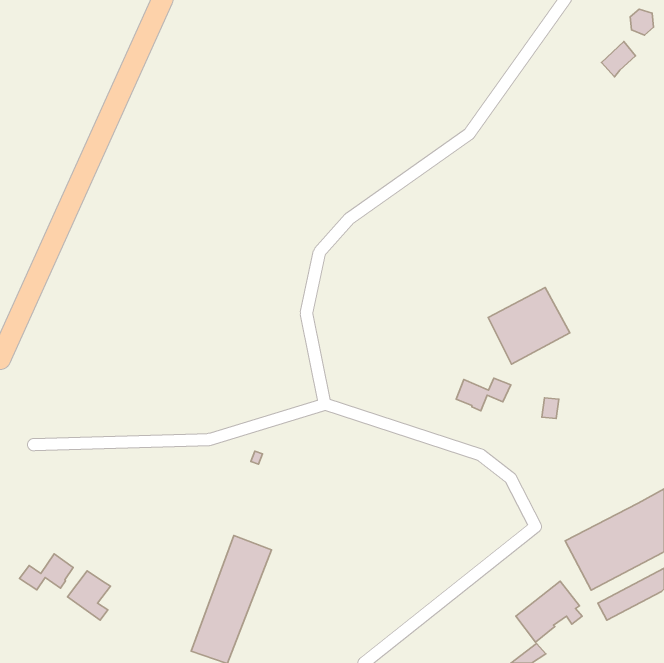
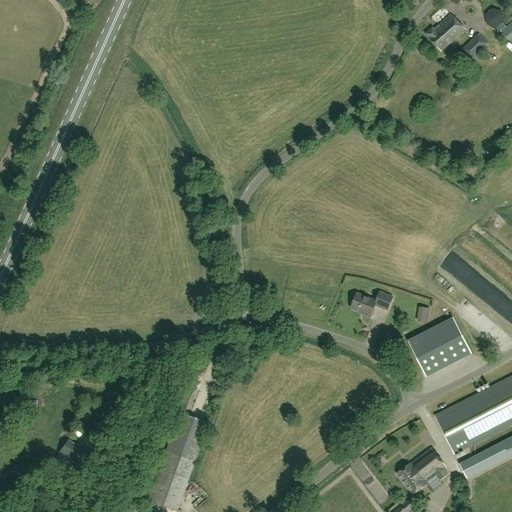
building: none -> [427,13,466,51]
building: [488,287,570,364] -> [409,317,472,376]
building: [20,554,73,590] -> none

